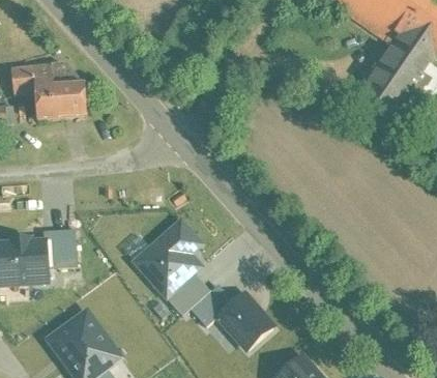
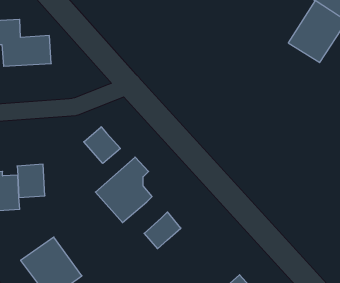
building: none -> [84,127,120,163]
building: [167,272,211,316] -> none
building: [219,294,273,349] -> none

